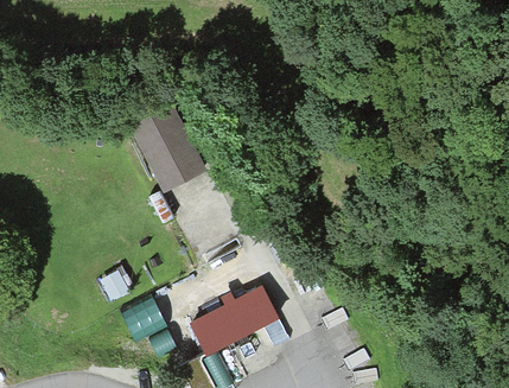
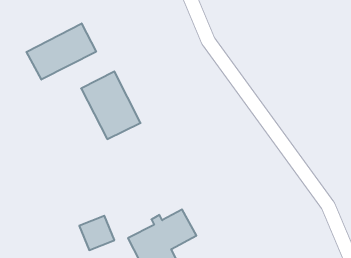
building: none -> [26,23,96,80]

